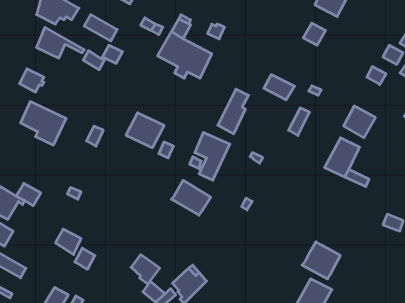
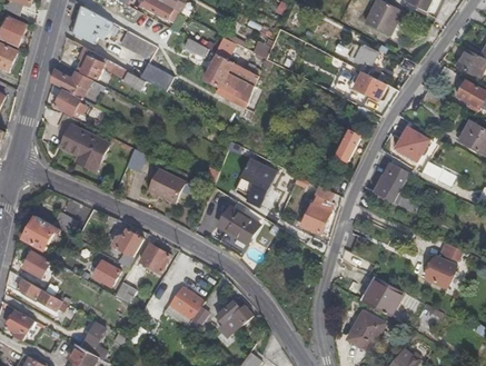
building: none -> [51,71,92,100]
building: [264,75,295,100] -> [354,71,386,98]
building: [218,89,249,134] -> [300,187,333,234]
building: [126,113,164,148] -> [146,168,186,205]
building: none -> [112,229,145,257]
building: none -> [141,244,170,273]
building: none -> [423,255,454,288]

